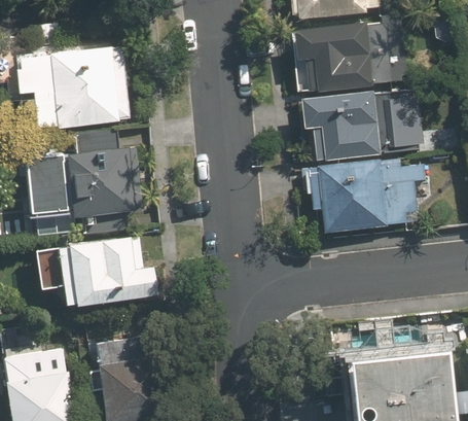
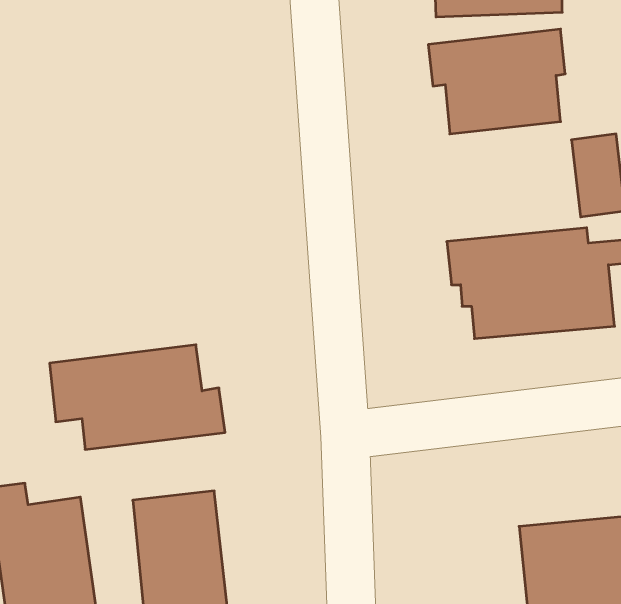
building: [13,46,129,131] -> none
building: [302,90,382,162] -> none
building: [23,128,136,218] -> none

